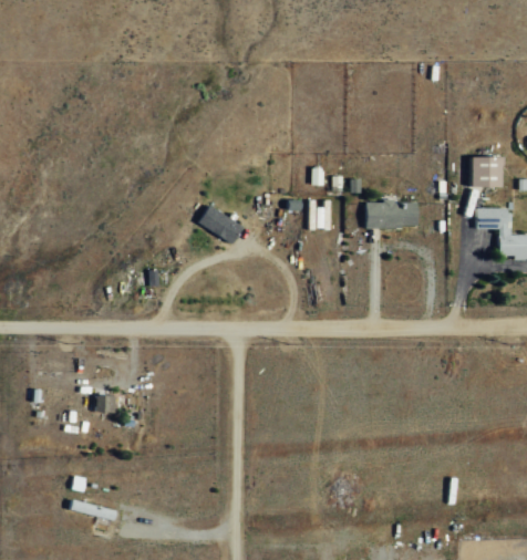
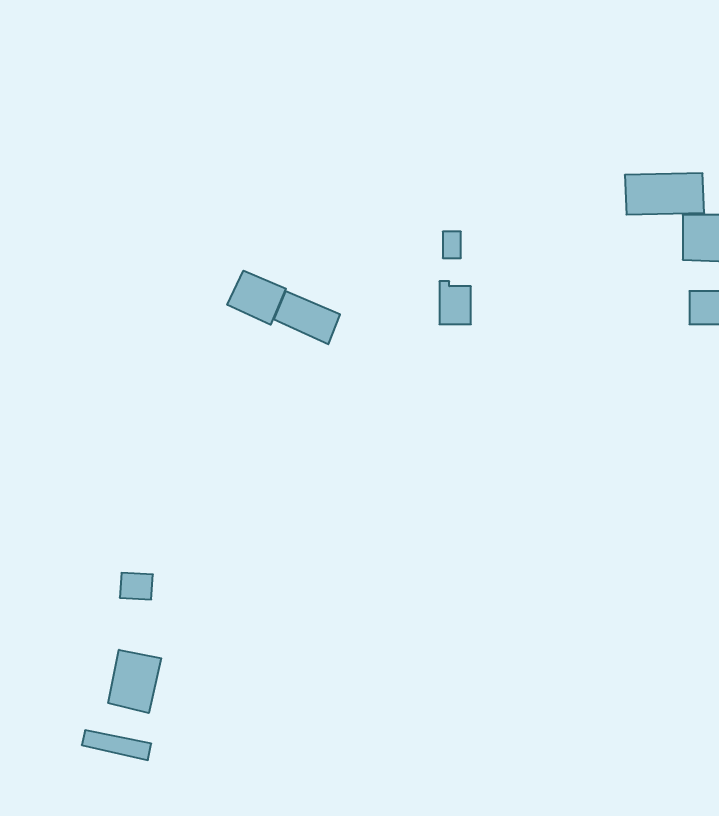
building: none -> [227,271,286,325]
building: [365,200,418,228] -> [625,173,704,215]
building: none -> [108,650,161,713]

